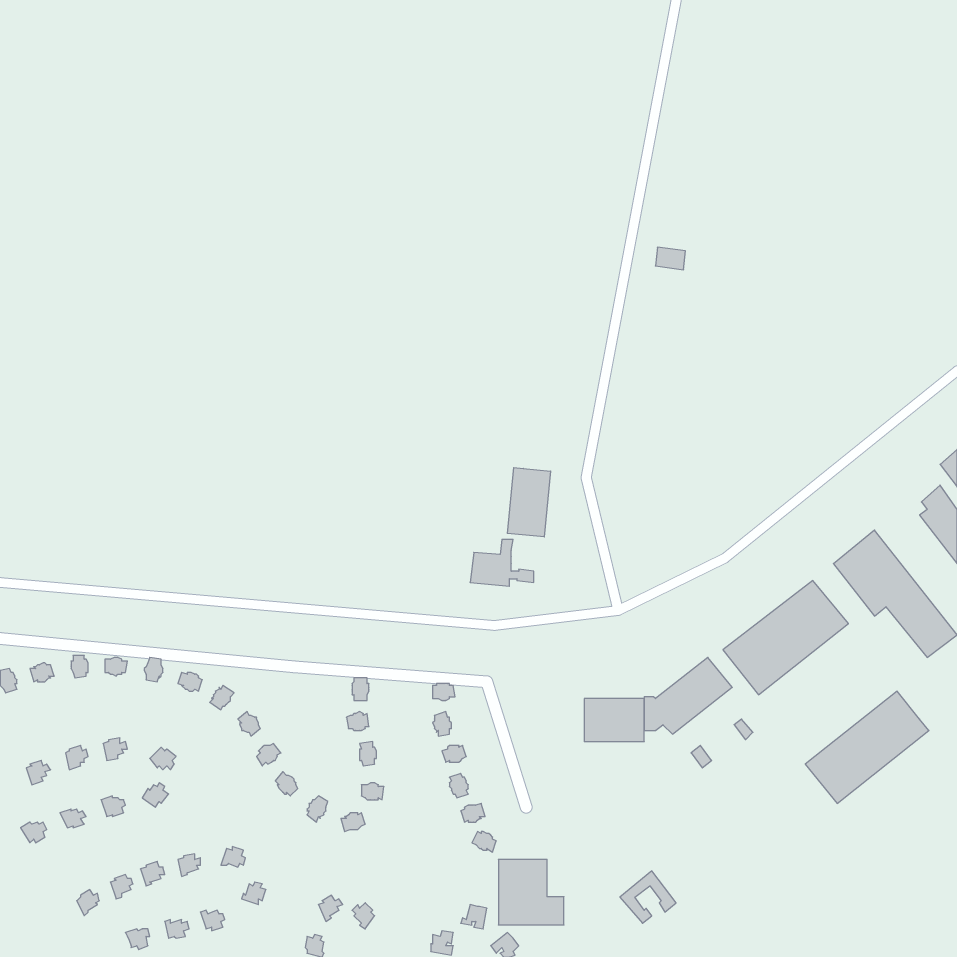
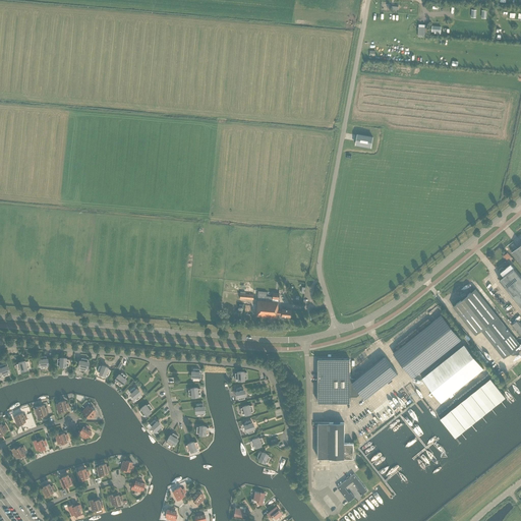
building: [507,468,551,537] -> none
building: none -> [422,344,484,402]
building: none -> [317,359,350,380]
building: [498,859,564,925] -> [317,422,353,458]

